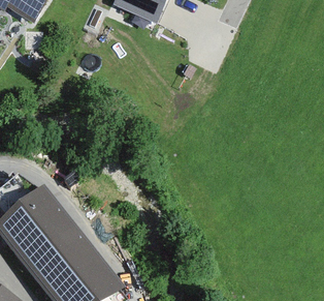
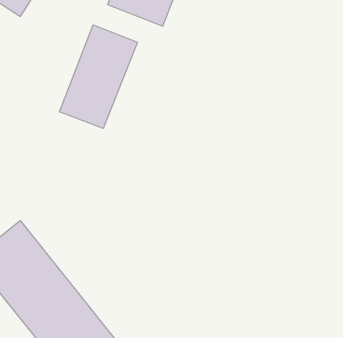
building: none -> [60,25,137,128]

